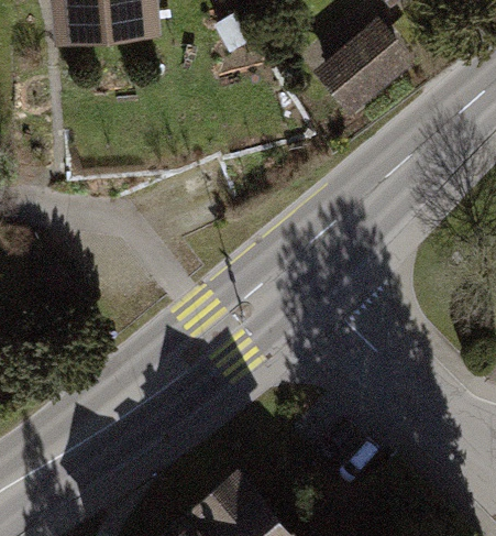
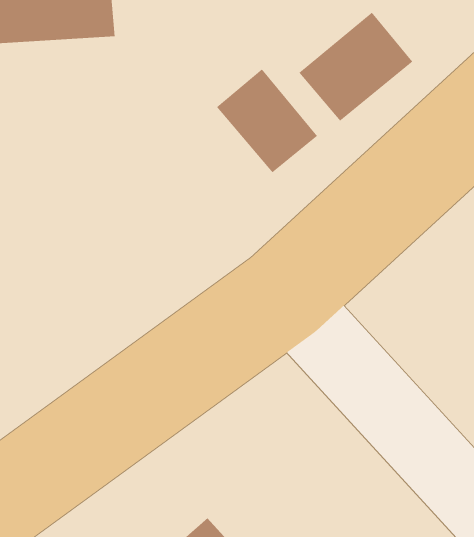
building: none -> [216,69,318,173]

